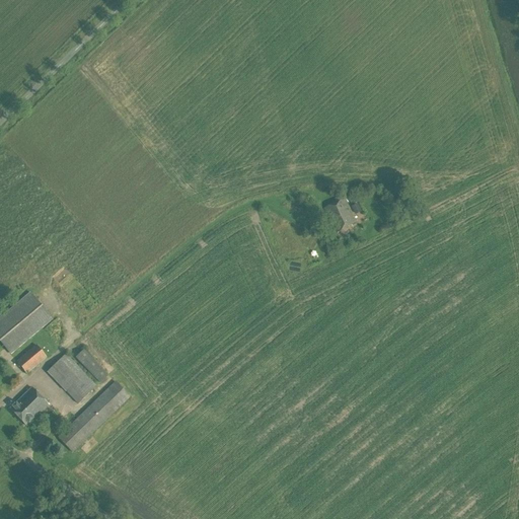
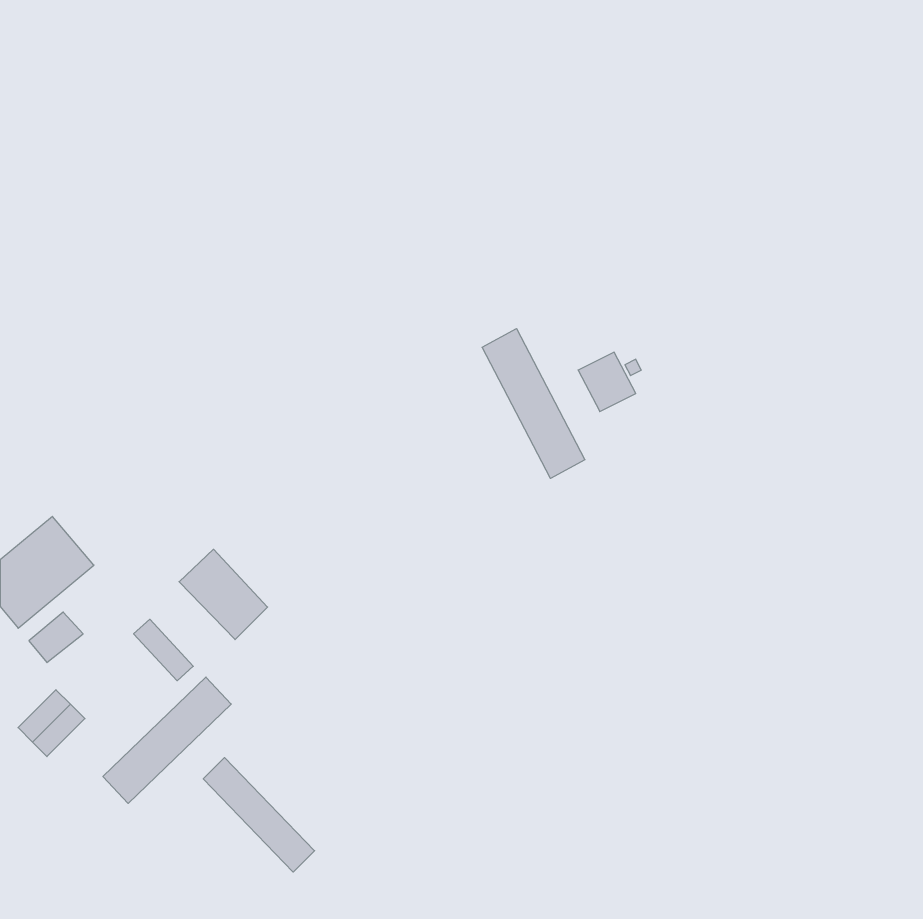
building: none -> [482,329,585,478]
building: [47,352,96,402] -> [179,549,268,640]
building: none -> [203,758,315,872]

